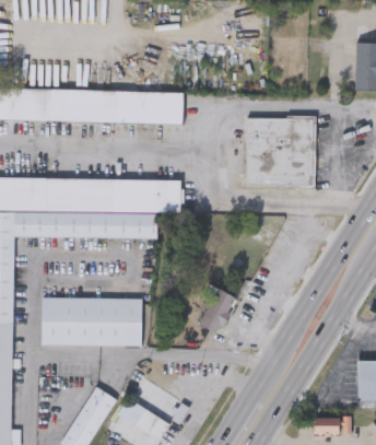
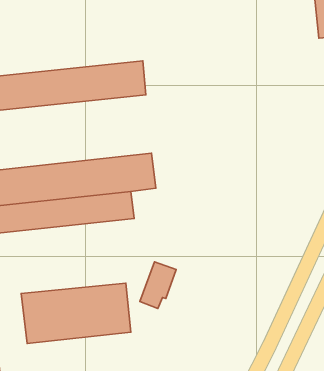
building: [244,117,314,187] -> none
building: [198,289,236,333] -> [140,262,176,309]

